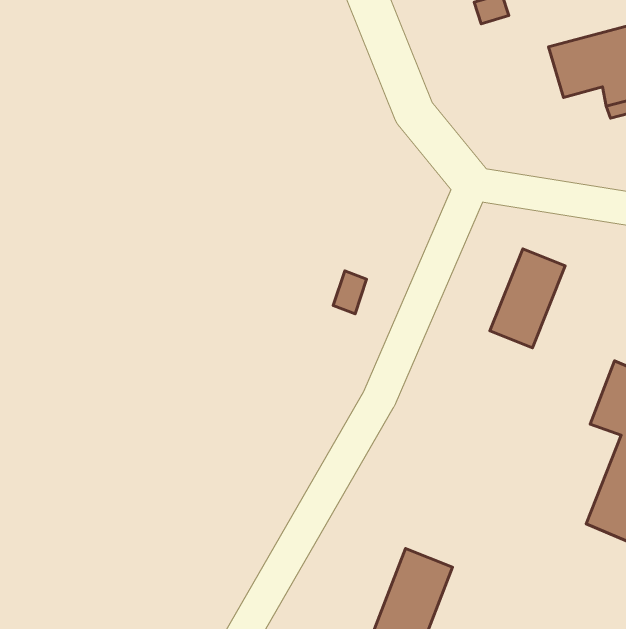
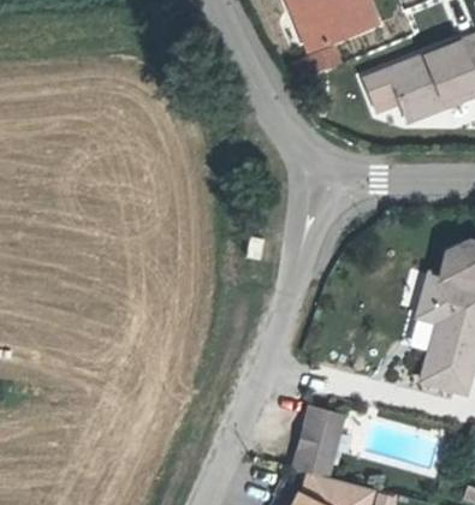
building: [490,249,565,348] -> none

